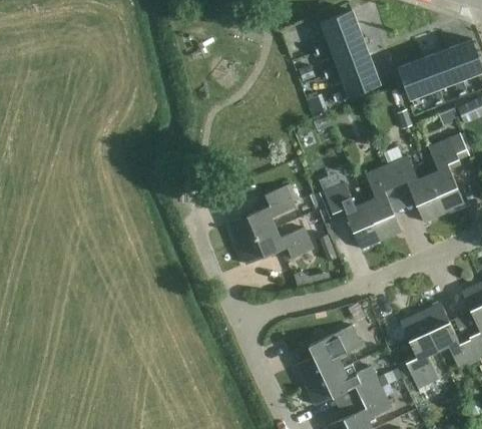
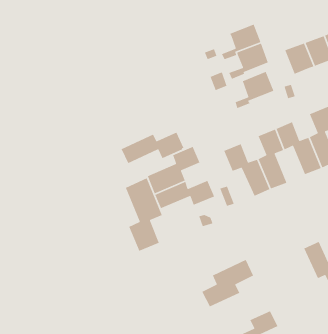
building: [313,10,362,57] -> [234,71,274,109]
building: none -> [120,131,185,164]
building: none -> [125,177,163,252]
building: [401,312,440,388] -> none
building: [307,366,382,405] -> none

